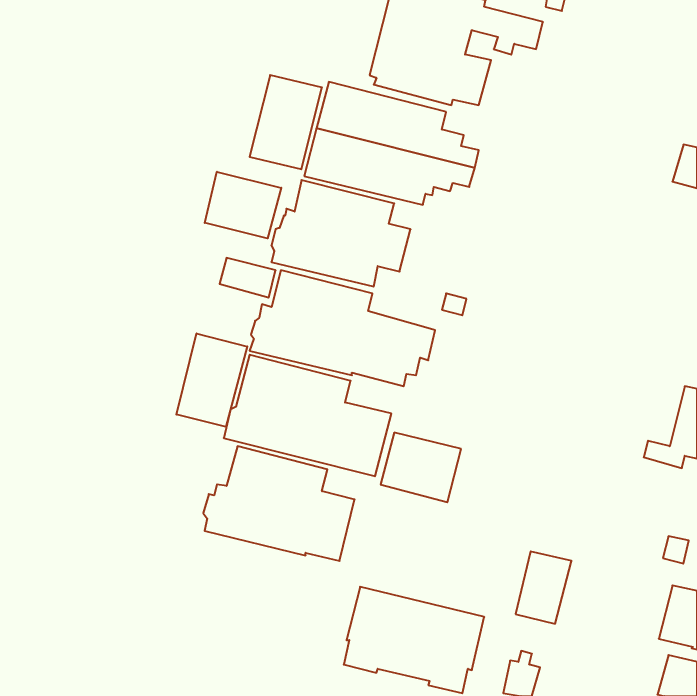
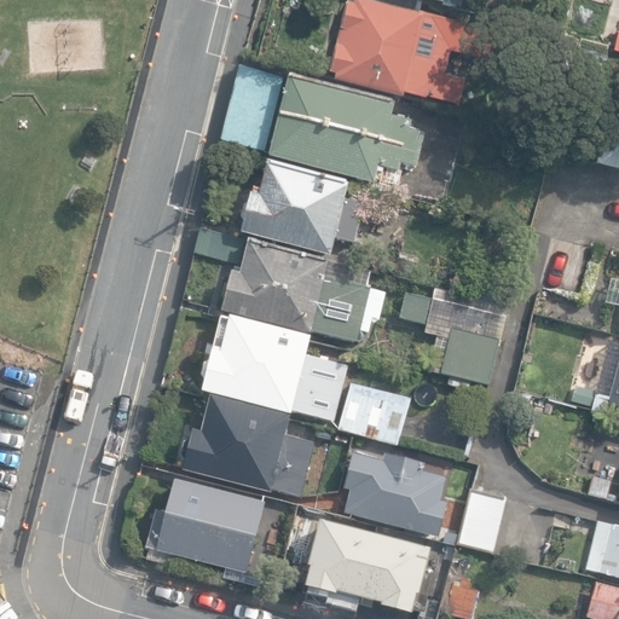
building: [205,172,281,238] -> none
building: none -> [400,288,508,384]
building: [176,333,247,427] -> none
building: none -> [343,453,446,536]
building: none -> [146,478,265,573]

